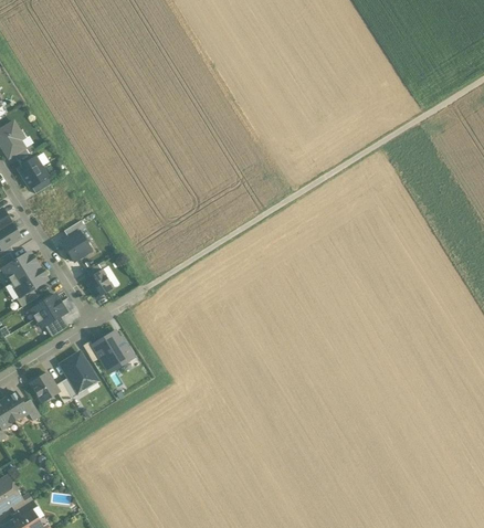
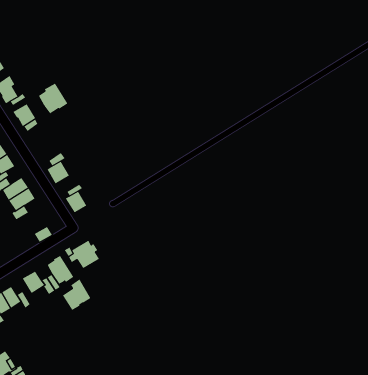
building: none -> [38,83,68,114]
building: [30,293,66,326] -> none
building: none -> [62,278,91,311]

